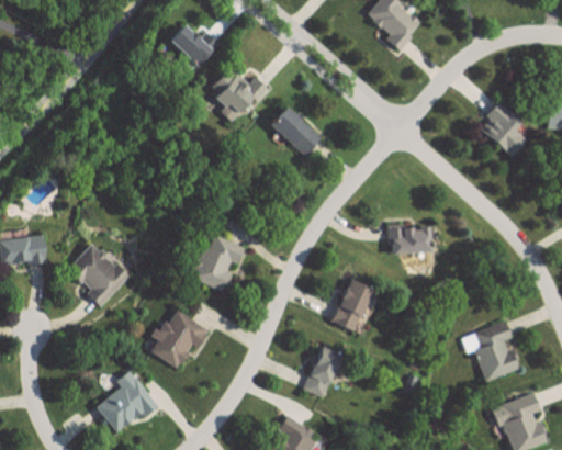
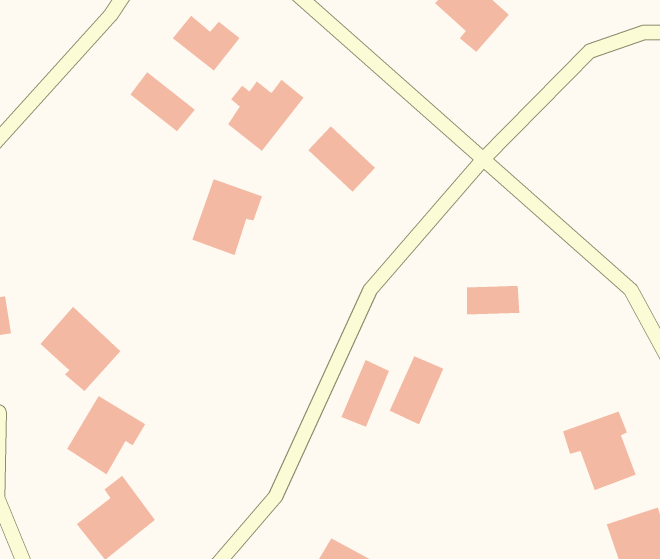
building: none -> [130,71,196,132]
building: [480,101,526,156] -> none
building: [191,232,245,290] -> [191,179,263,256]
building: [148,308,209,369] -> [66,395,146,475]
building: [304,345,341,396] -> [340,359,390,427]

